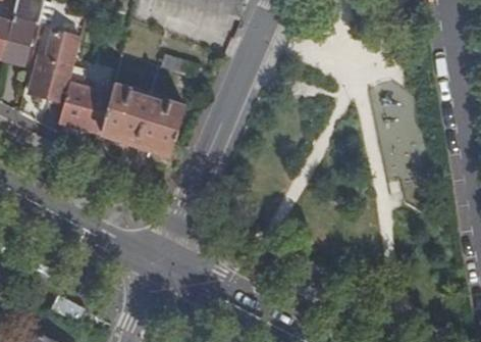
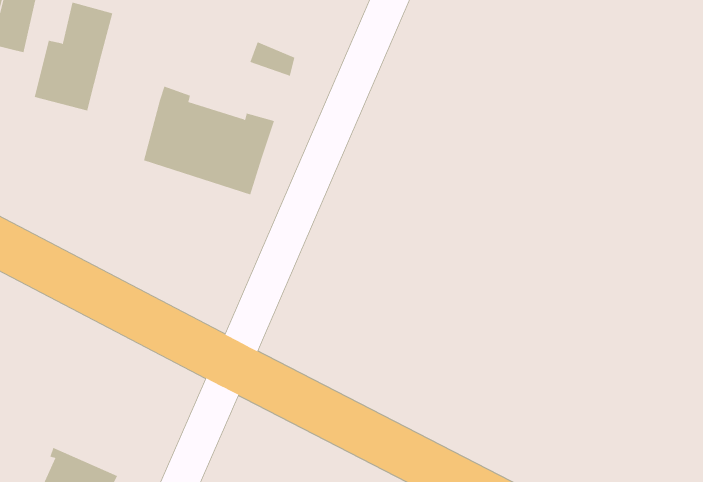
building: [58,64,109,132] -> none

